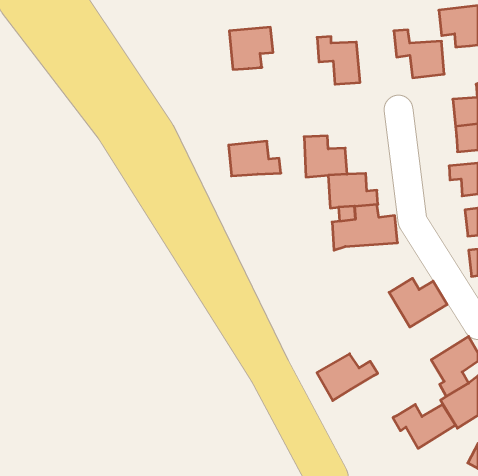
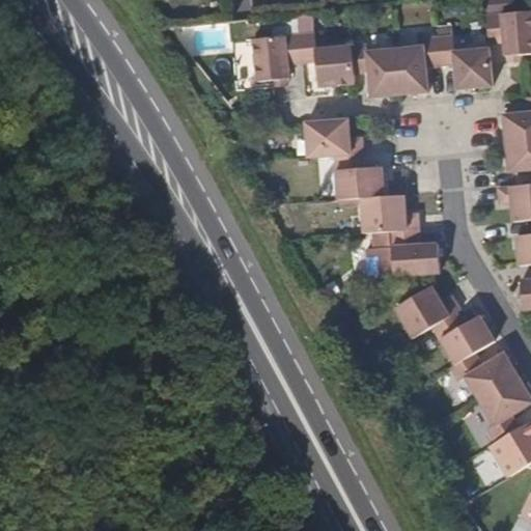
building: none -> [300,32,355,86]
building: none -> [395,37,440,94]
building: [229,141,281,176] -> [305,118,363,157]
building: [317,354,378,401] -> [394,287,462,339]
building: [393,404,456,448] -> [450,353,520,401]

